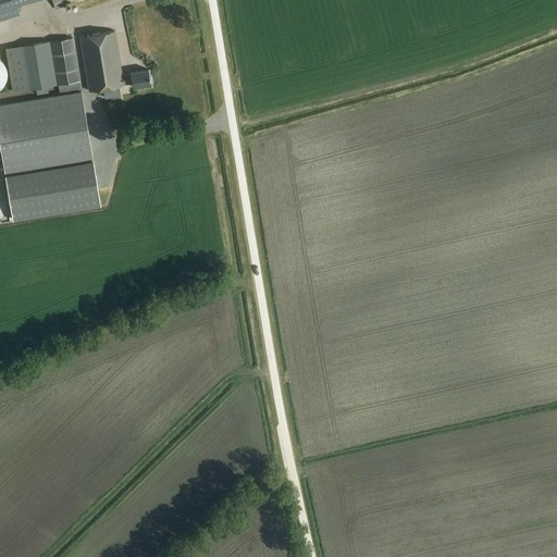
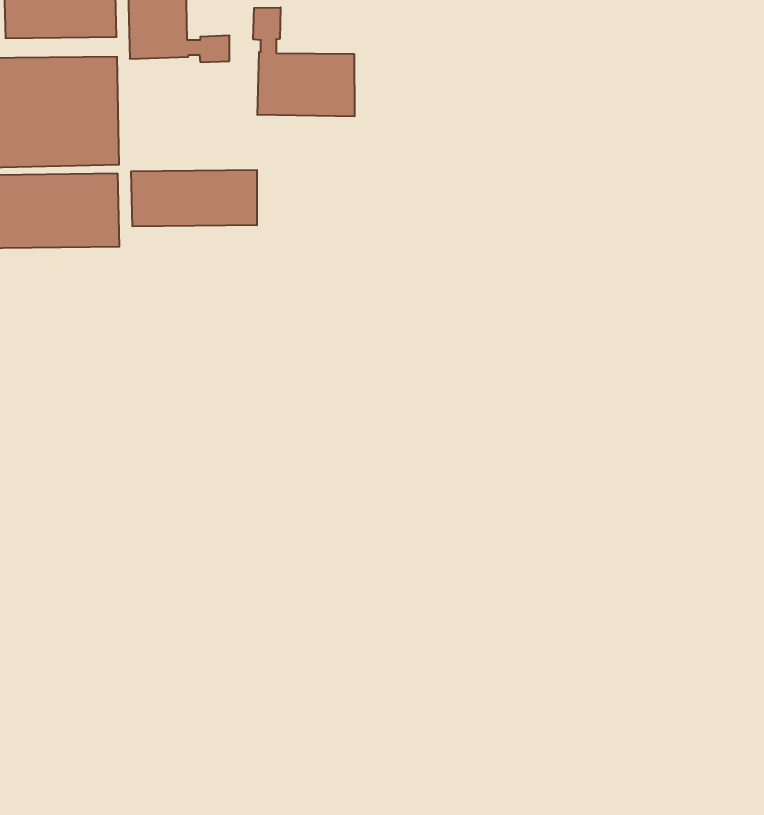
building: none -> [253,7,354,116]
building: none -> [131,170,257,226]

